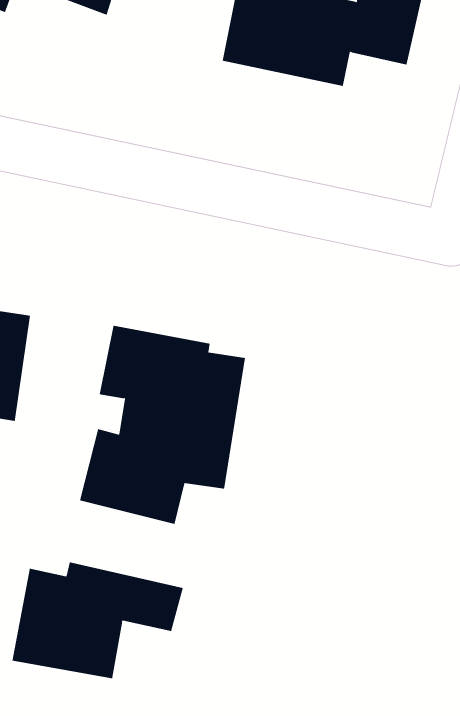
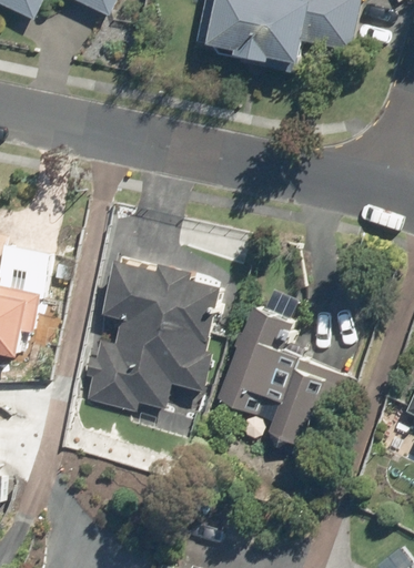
building: none -> [216,304,333,447]
building: [12,562,183,679] -> none

